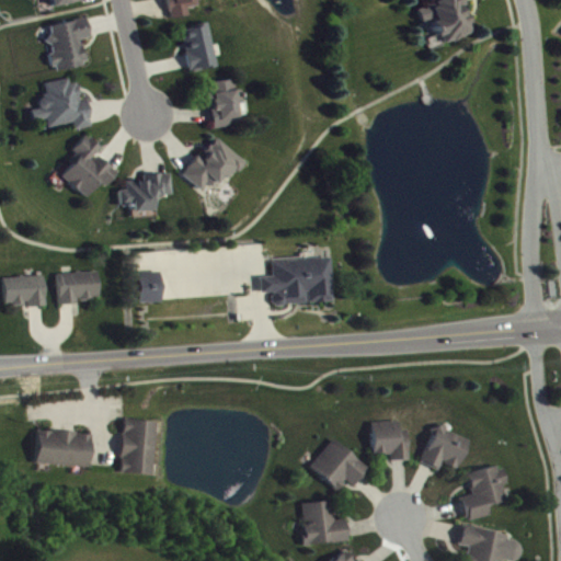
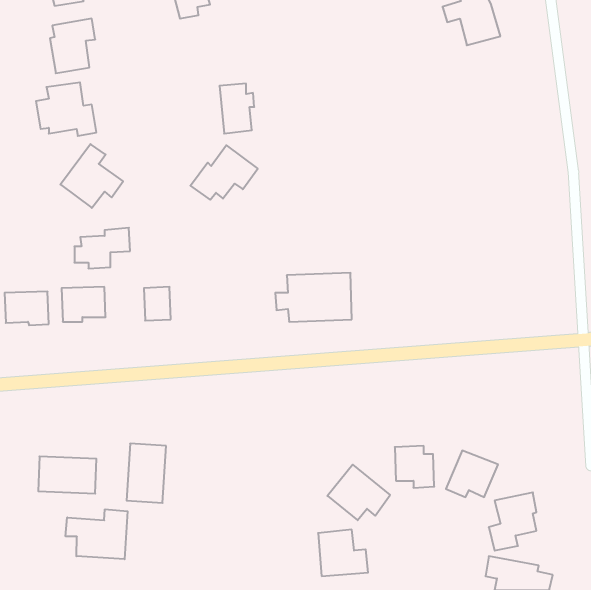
building: [181,22,217,71] -> none
building: [117,172,170,210] -> [74,228,130,268]
building: none -> [66,509,128,559]

